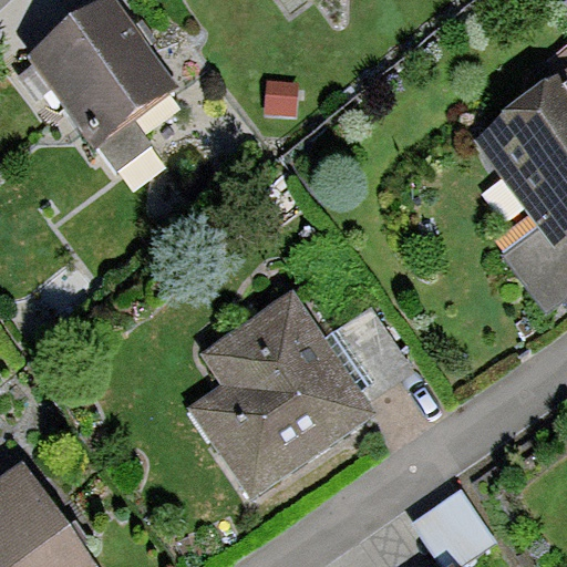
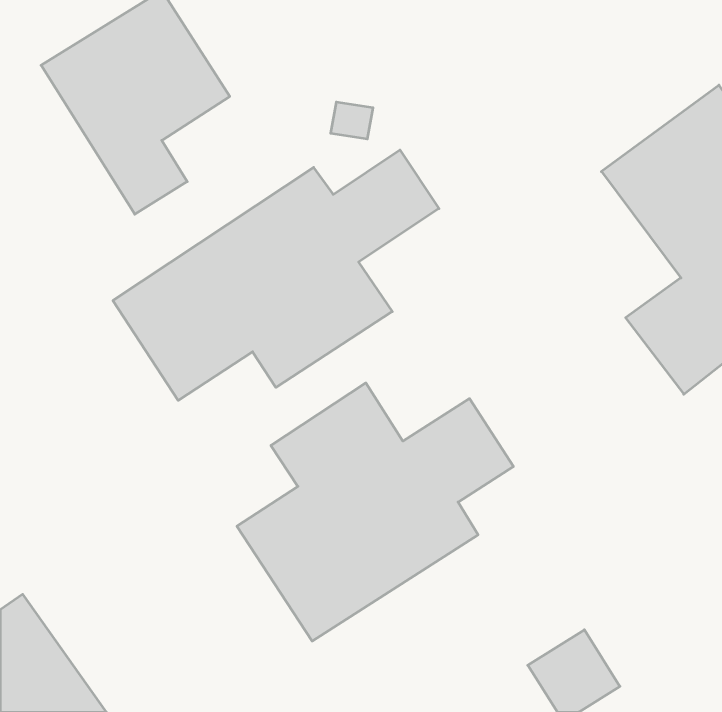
building: none -> [113,150,439,400]

